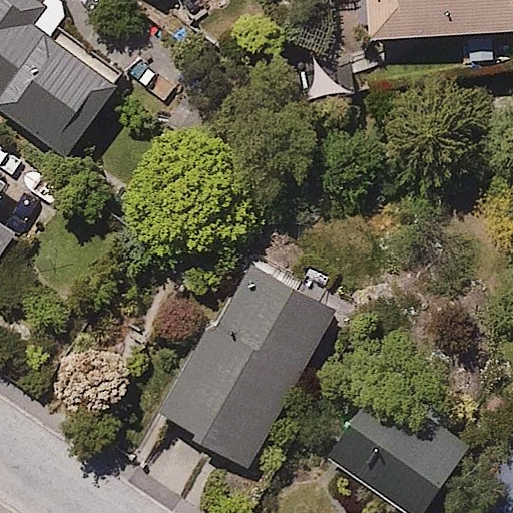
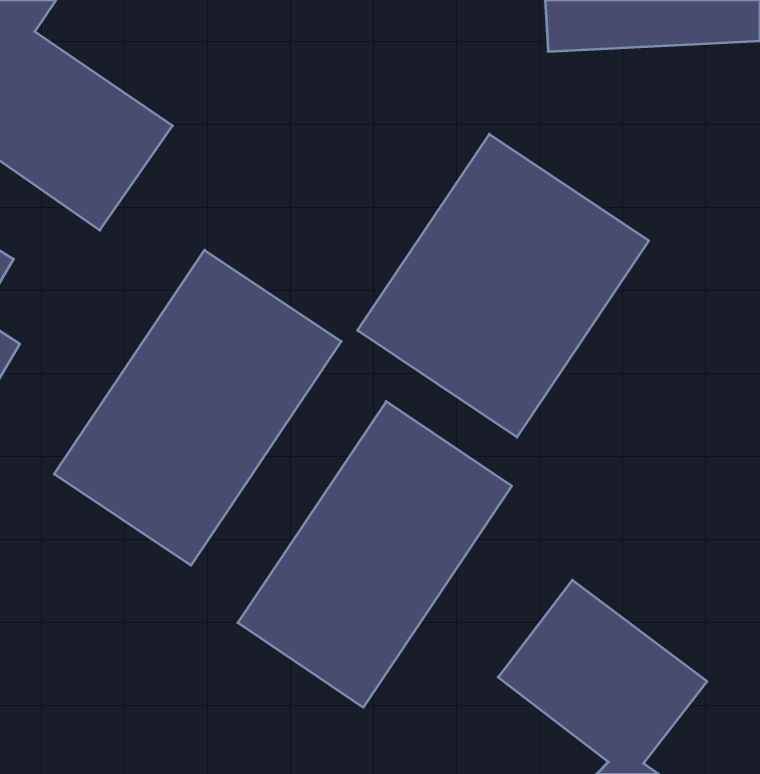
building: none -> [358,134,649,437]
building: none -> [54,250,341,565]

